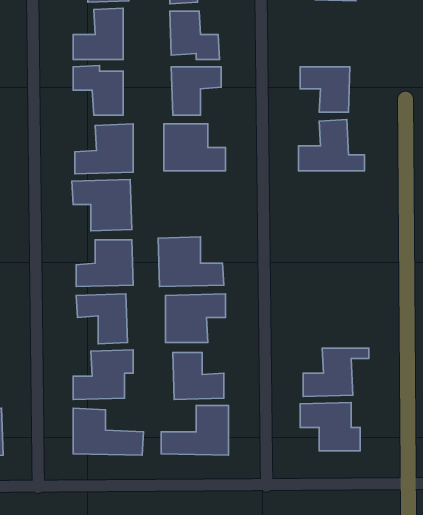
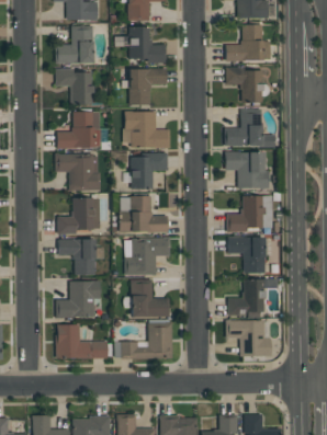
building: none -> [225,25,270,61]
building: none -> [225,152,269,188]
building: none -> [131,154,168,190]
building: none -> [227,196,272,230]
building: none -> [227,237,266,275]

